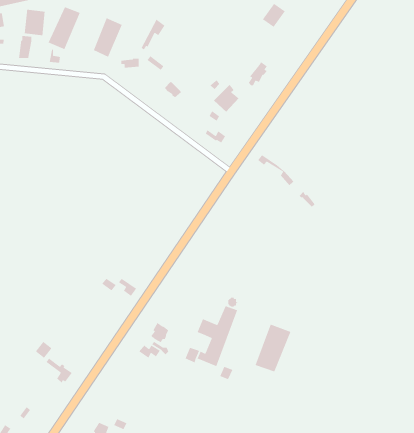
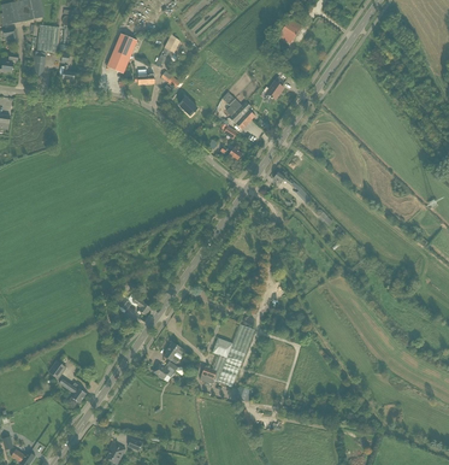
building: [48,6,81,50] -> none
building: [254,323,292,373] -> none

